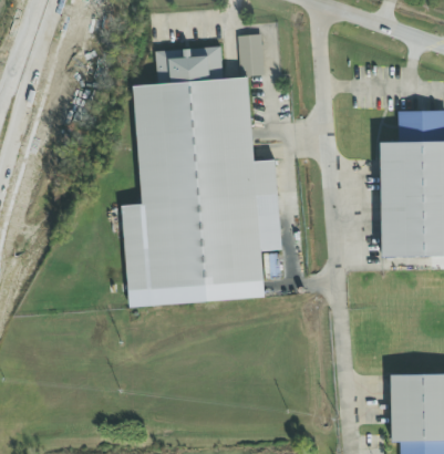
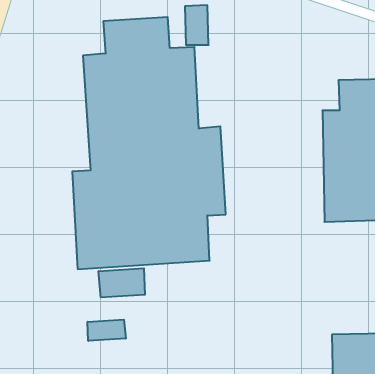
building: none -> [99,268,145,297]
building: none -> [88,320,126,341]

